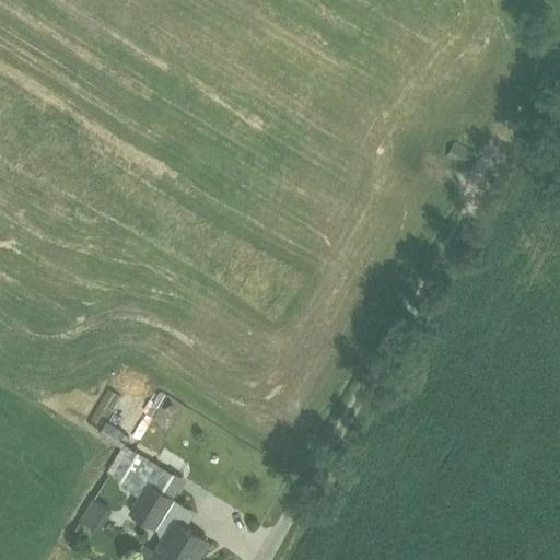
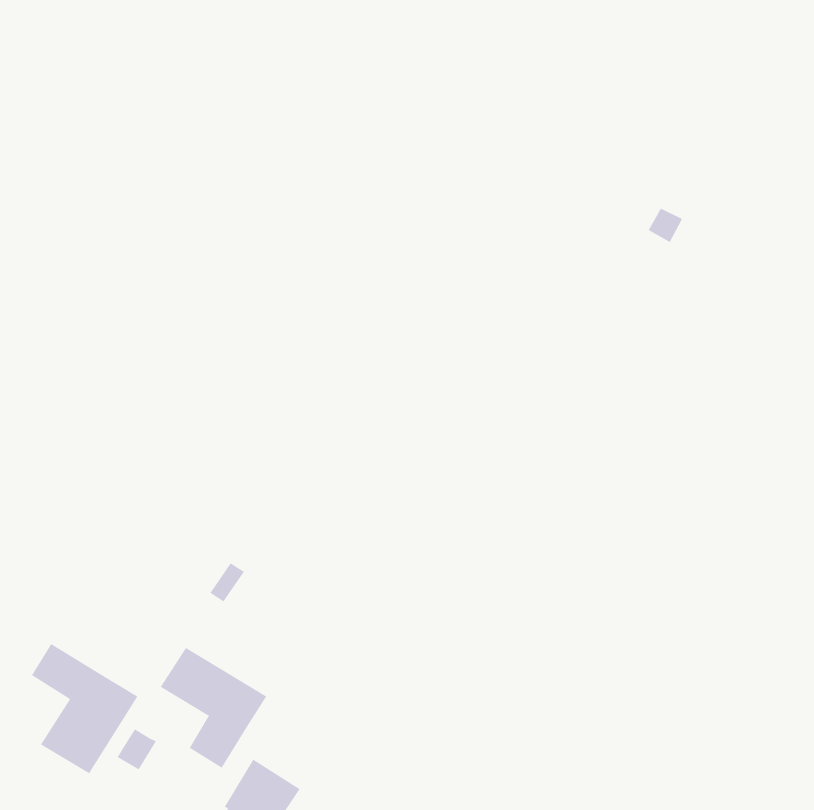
building: none -> [31,643,138,774]

